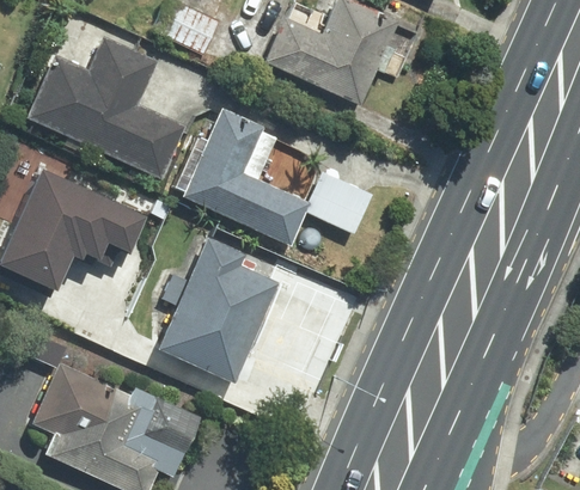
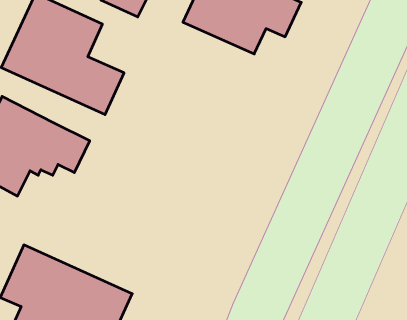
building: [183,110,377,247] -> none
building: [160,240,282,381] -> none

